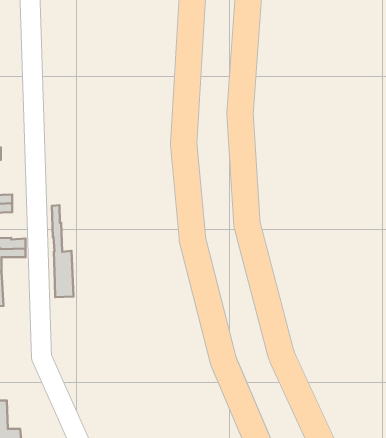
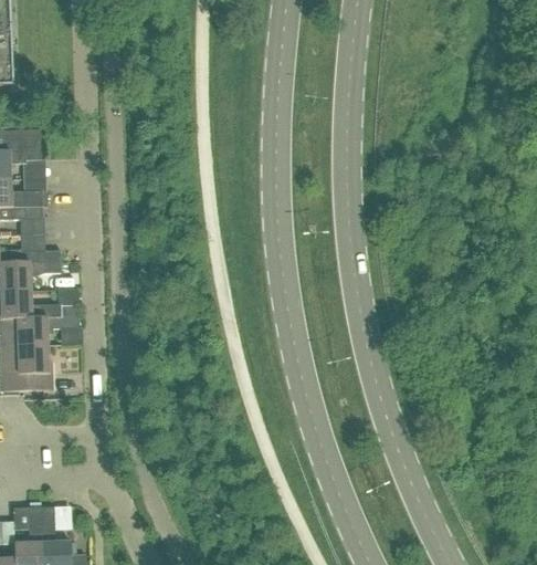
building: [52,205,74,297] -> none

